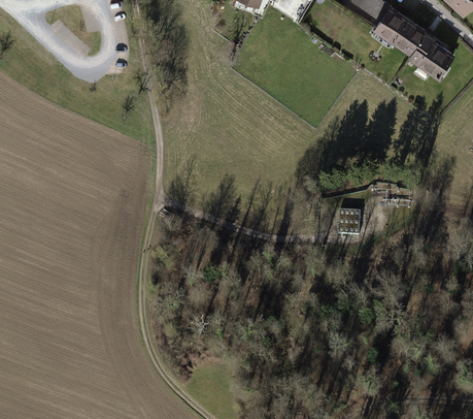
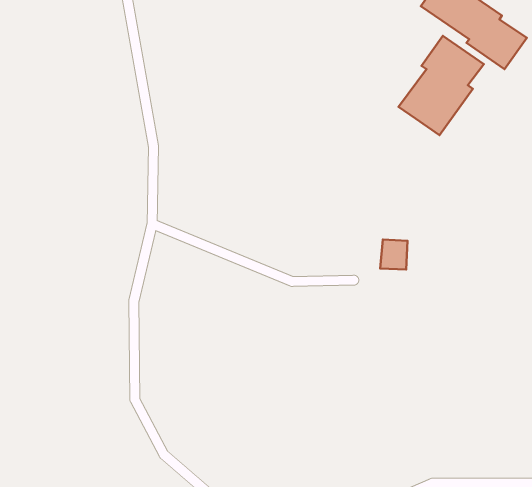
building: none -> [399,36,484,135]

